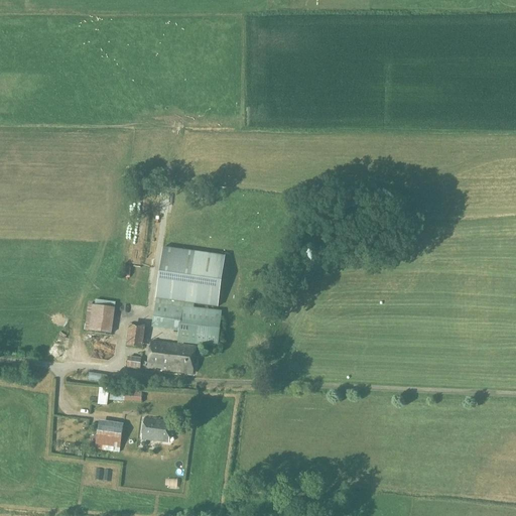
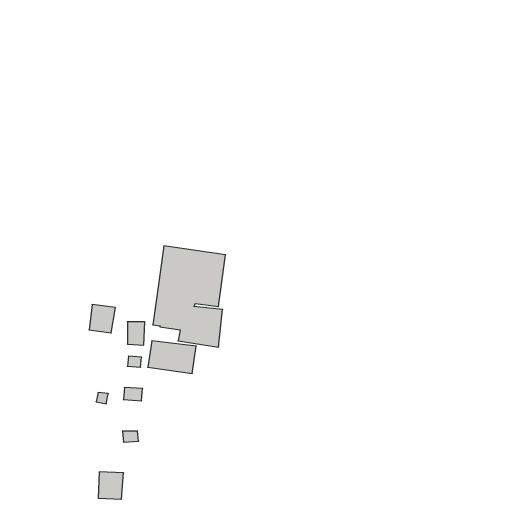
building: [142,416,170,440] -> none
building: [95,420,120,447] -> [98,472,124,499]

